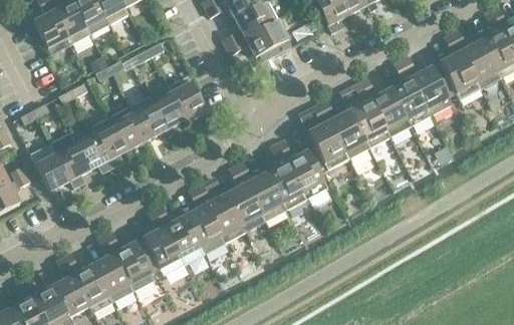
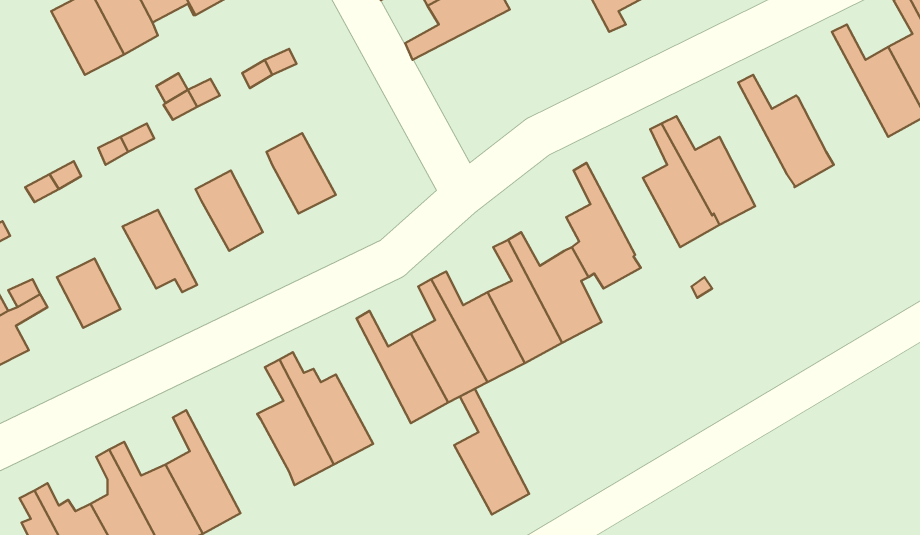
building: [227,21,289,58] -> none
building: [434,33,482,100] -> none
building: [392,60,432,126] -> none
building: [168,76,205,120] -> none
building: [130,97,166,140] -> none
building: [320,99,370,159] -> none
building: [90,117,128,169] -> none
building: [52,137,89,189] -> none
building: [186,187,226,254] -> [454,389,529,514]
building: [105,232,161,291] -> none

